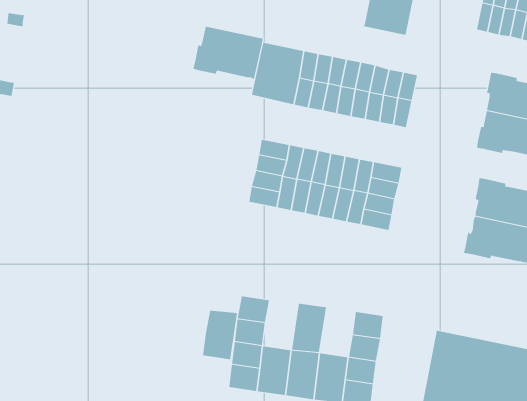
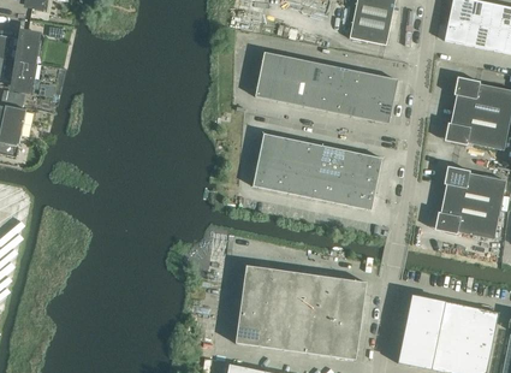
building: [193,26,264,80] -> none
building: none -> [313,274,343,316]
building: [202,310,238,360] -> [265,268,295,310]

